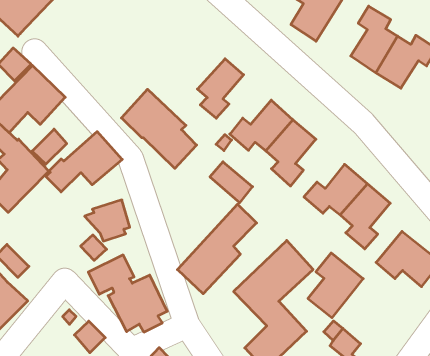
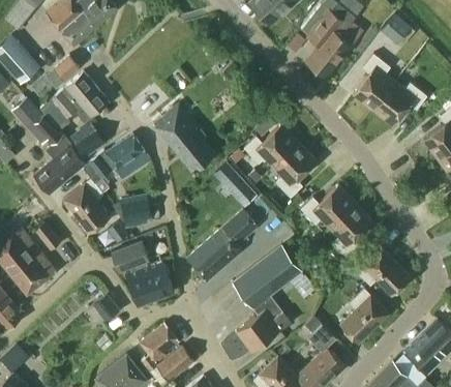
building: [197,59,244,118] -> none
building: none -> [63,179,110,234]
building: [308,253,363,318] -> [339,289,388,344]

